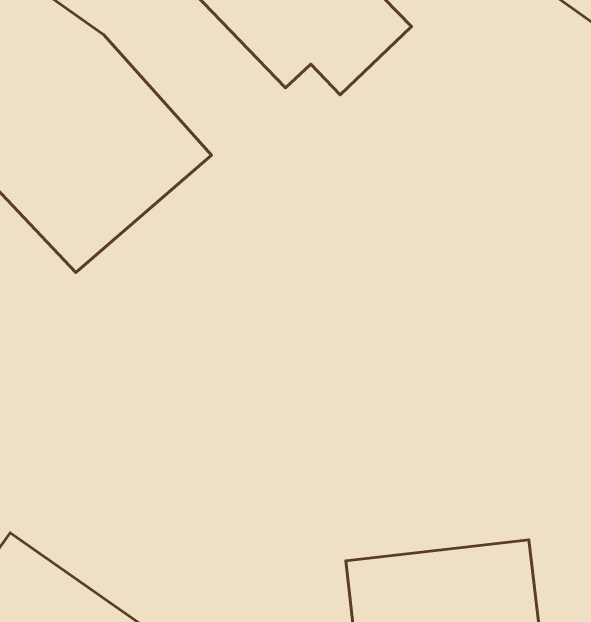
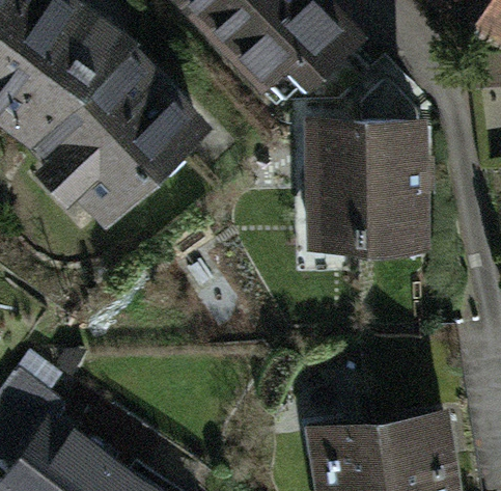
building: none -> [312,131,425,252]

